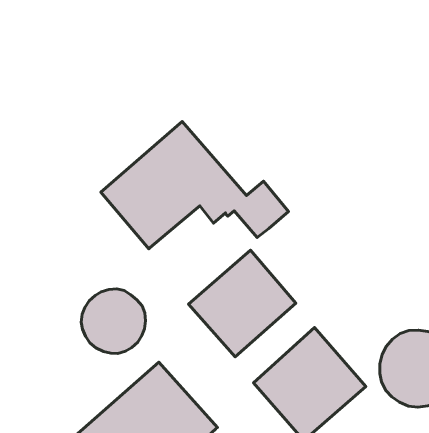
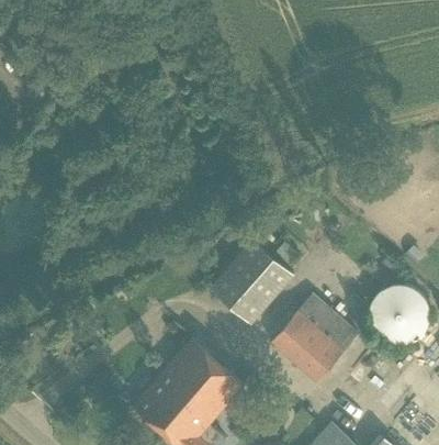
building: [101,122,289,249] -> none
building: [81,289,146,353] -> none

